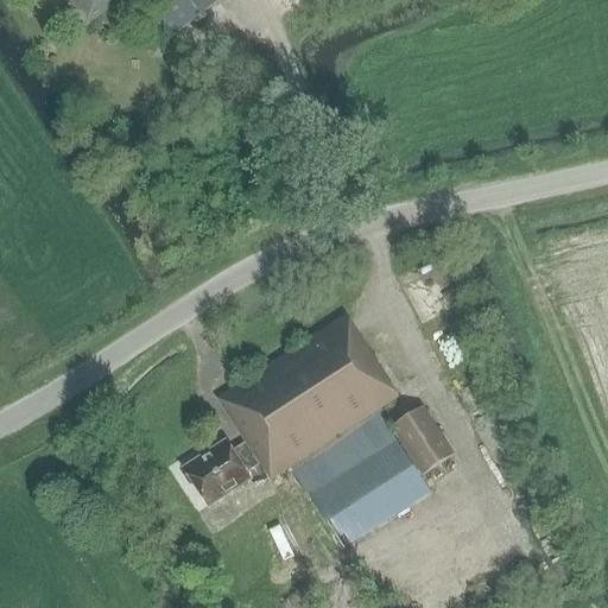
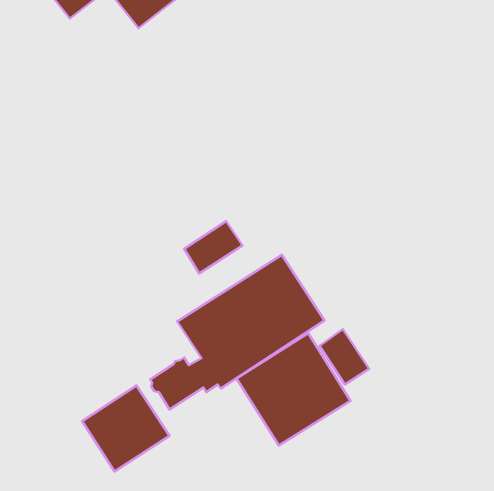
building: none -> [184,221,242,274]
building: none -> [82,385,170,471]

